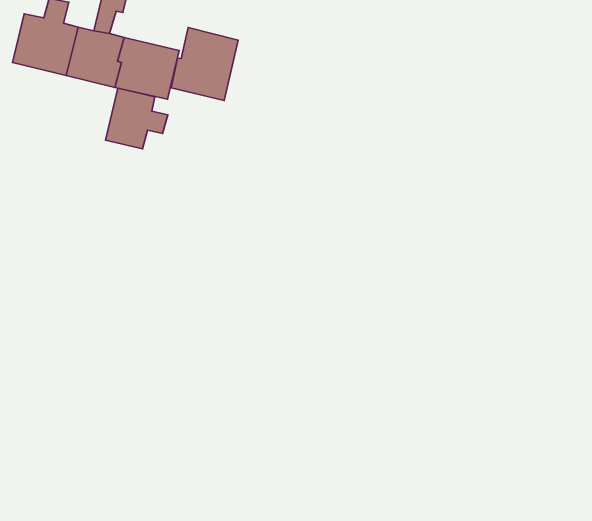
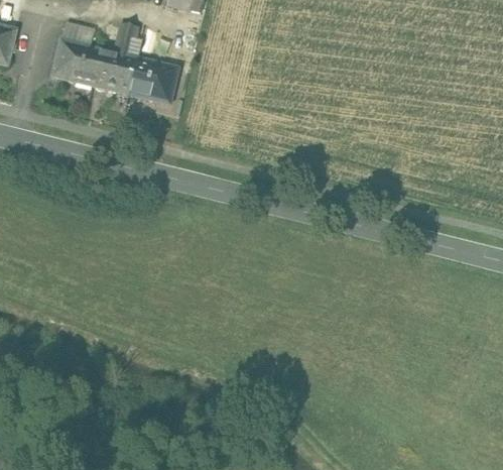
building: [171,27,238,100] -> none
building: [105,88,168,149] -> none

